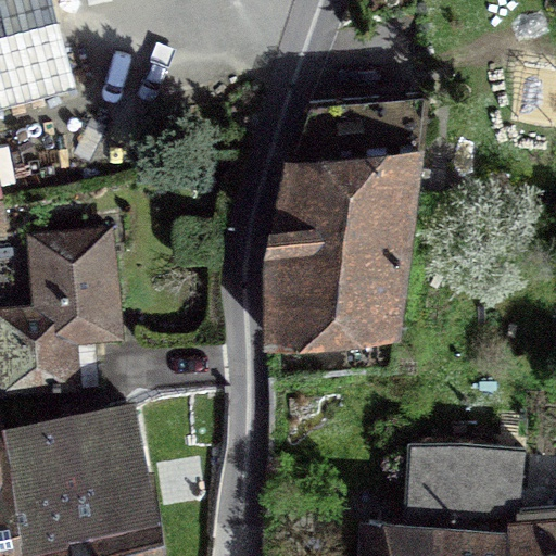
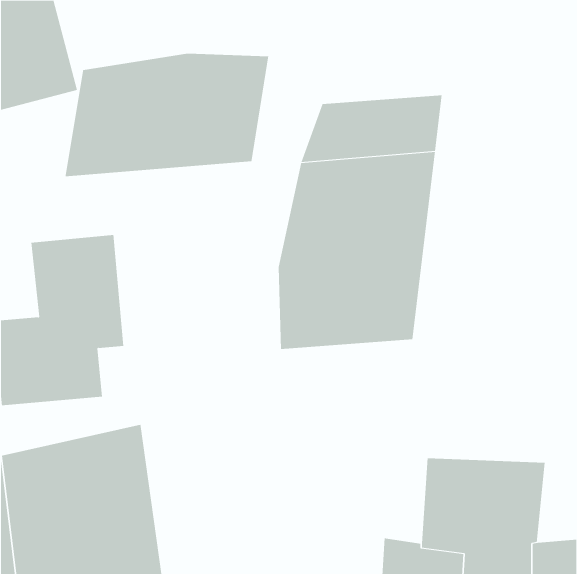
building: none -> [65,53,269,177]

